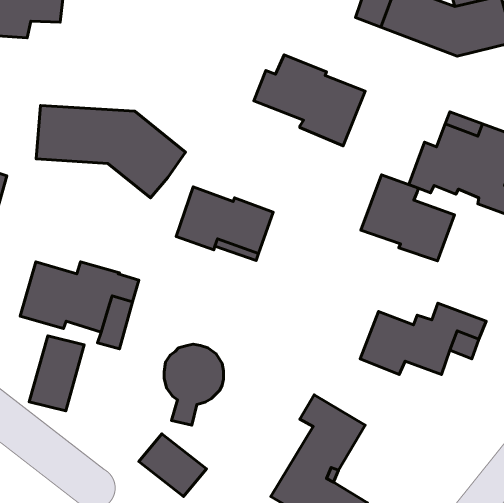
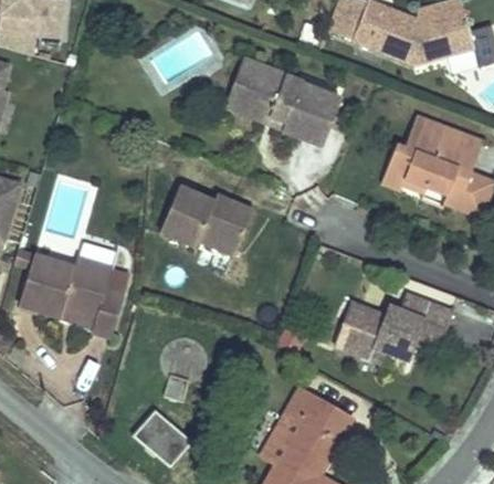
building: none -> [225,57,283,130]
building: [36,105,185,198] -> none
building: [361,175,454,261] -> none
building: [29,336,84,411] -> none

